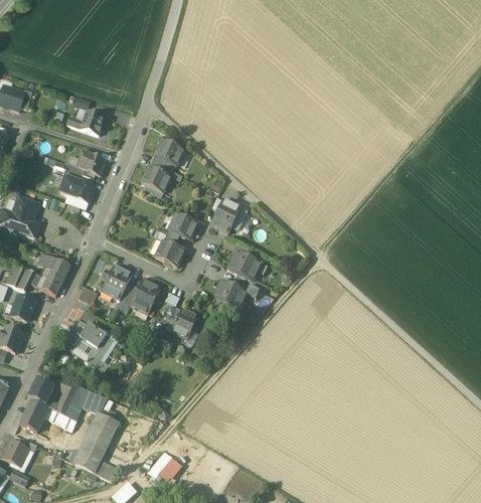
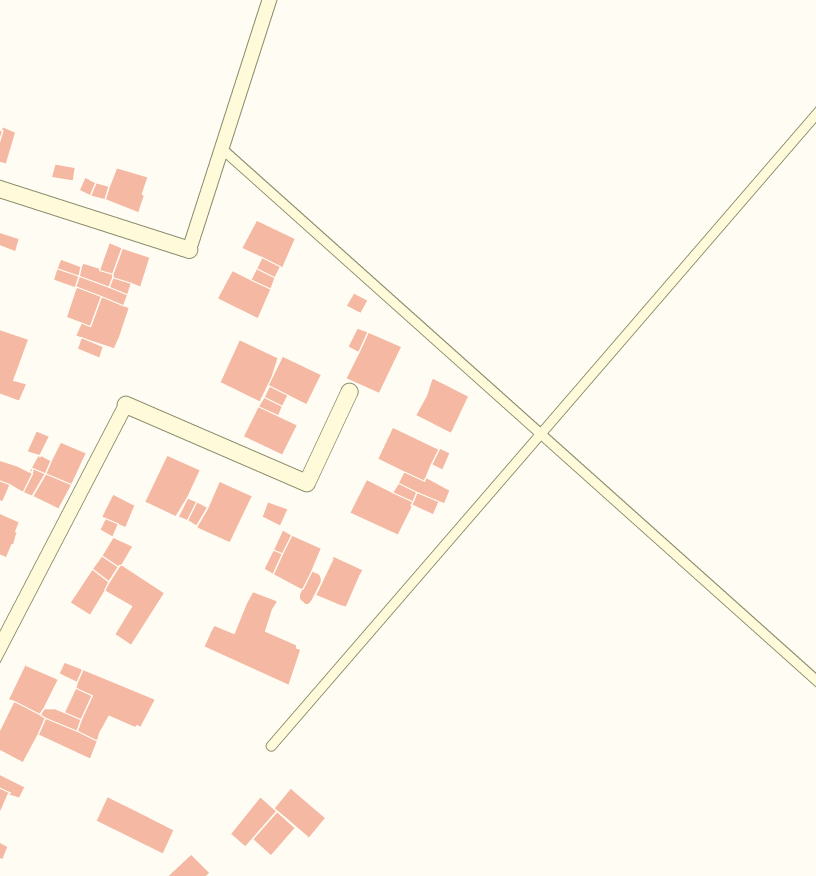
building: none -> [220,340,278,402]
building: none -> [415,378,469,433]
building: none -> [315,556,363,607]
building: none -> [204,592,301,685]
building: [82,411,118,459] -> none
building: none -> [274,788,326,839]

